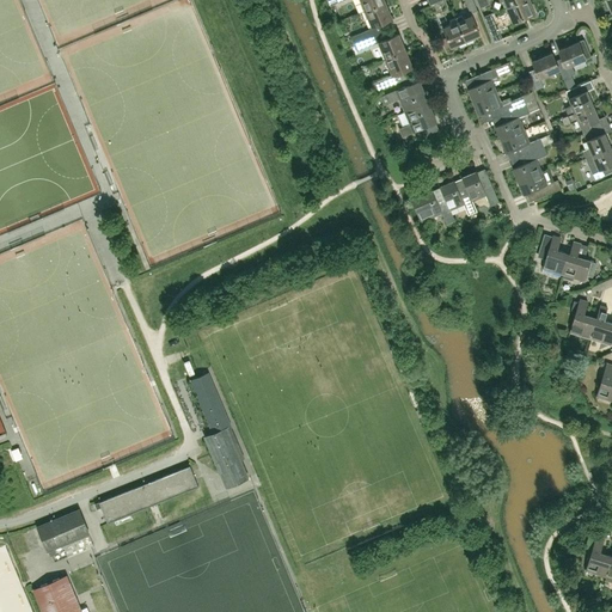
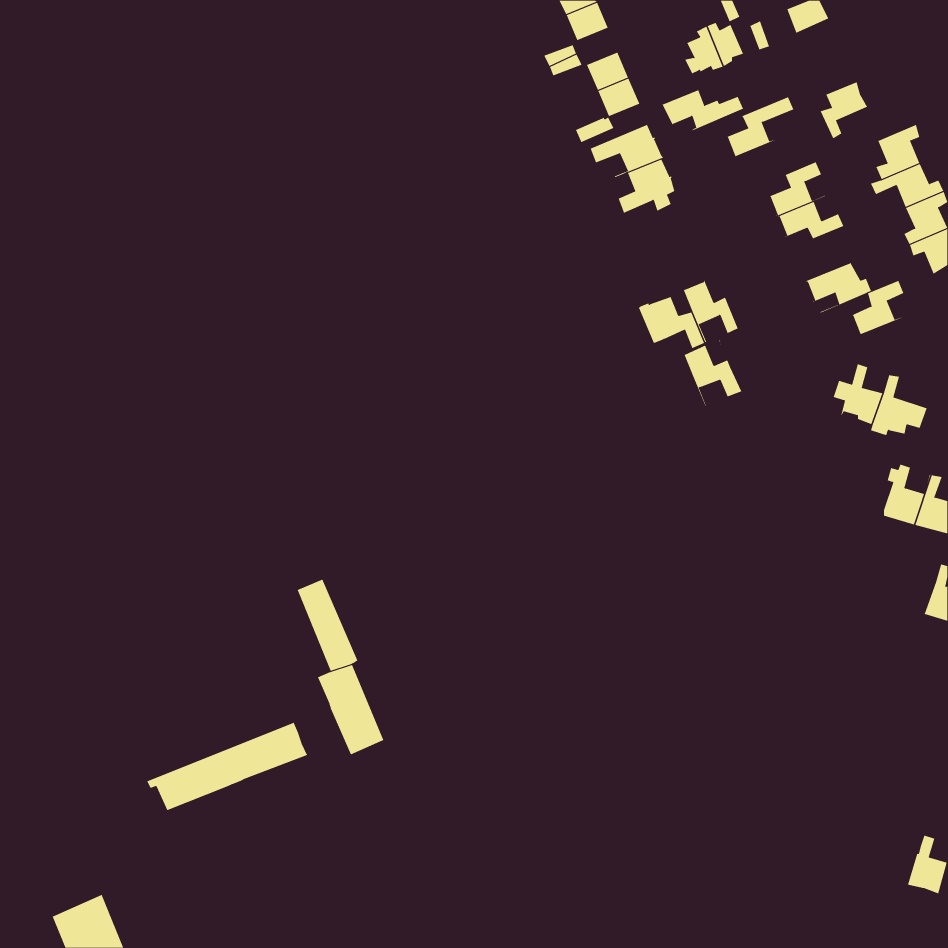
building: [555,39,590,78] -> none
building: [472,88,526,118] -> [660,85,744,131]
building: [513,146,550,182] -> [851,280,908,336]
building: [461,169,500,212] -> [683,339,742,406]
building: [37,509,88,551] -> none

